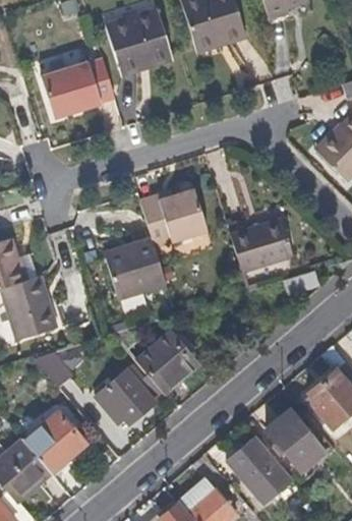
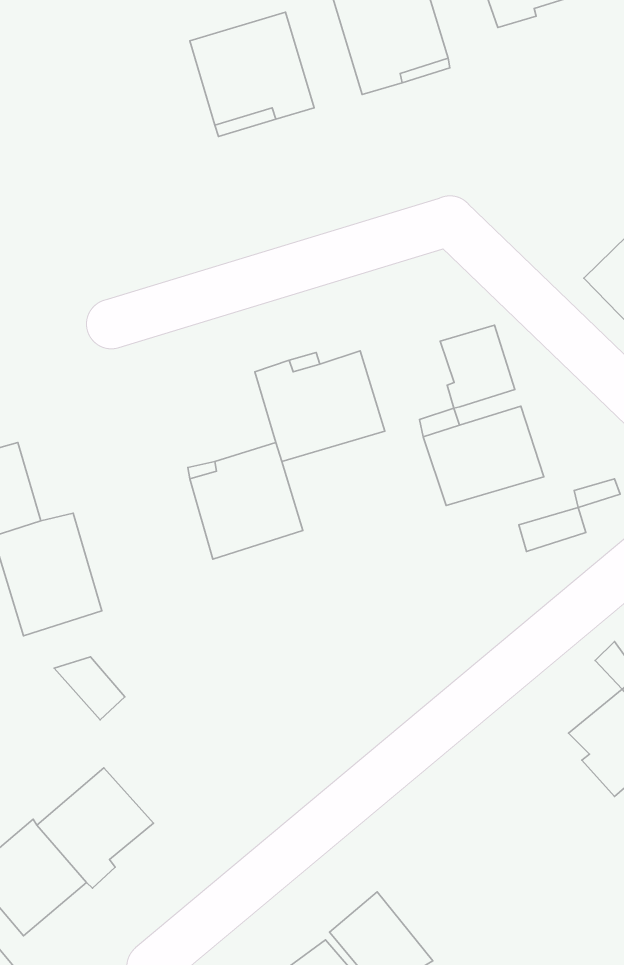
building: [43,58,115,116] -> none
building: none -> [440,325,515,408]
building: [135,332,197,394] -> none
building: [95,364,154,423] -> none
building: [266,409,324,469] -> none
building: [227,436,293,503] -> none

